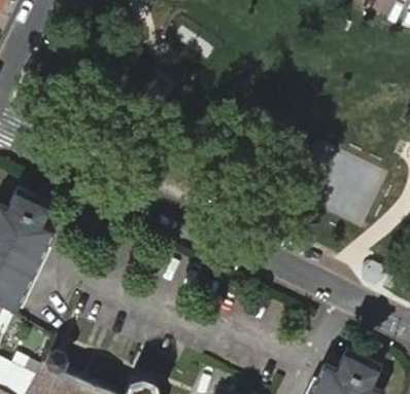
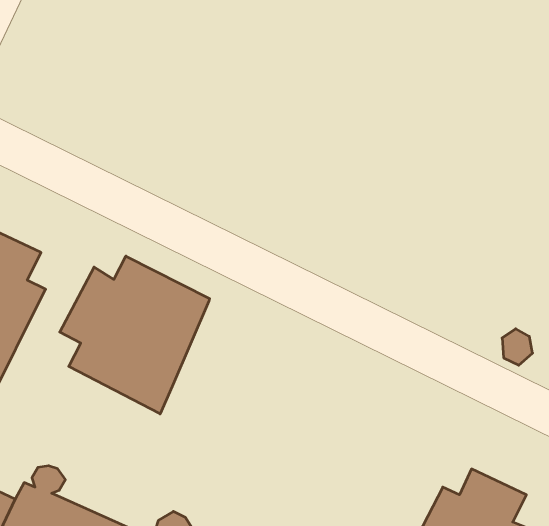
building: none -> [60,256,210,414]

